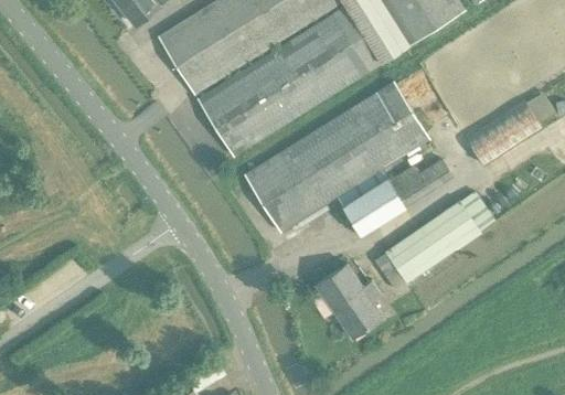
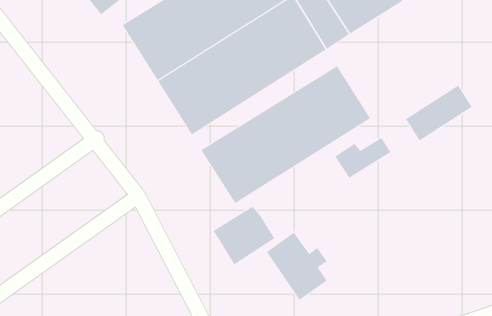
building: [338,169,406,234] -> [213,206,275,265]
building: [375,191,495,289] -> none

